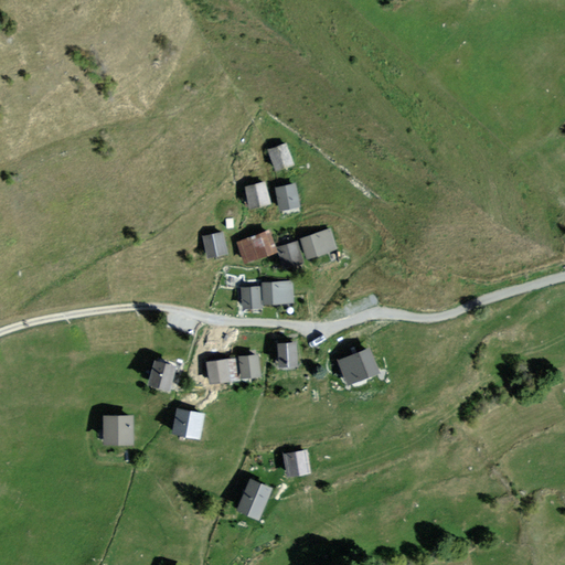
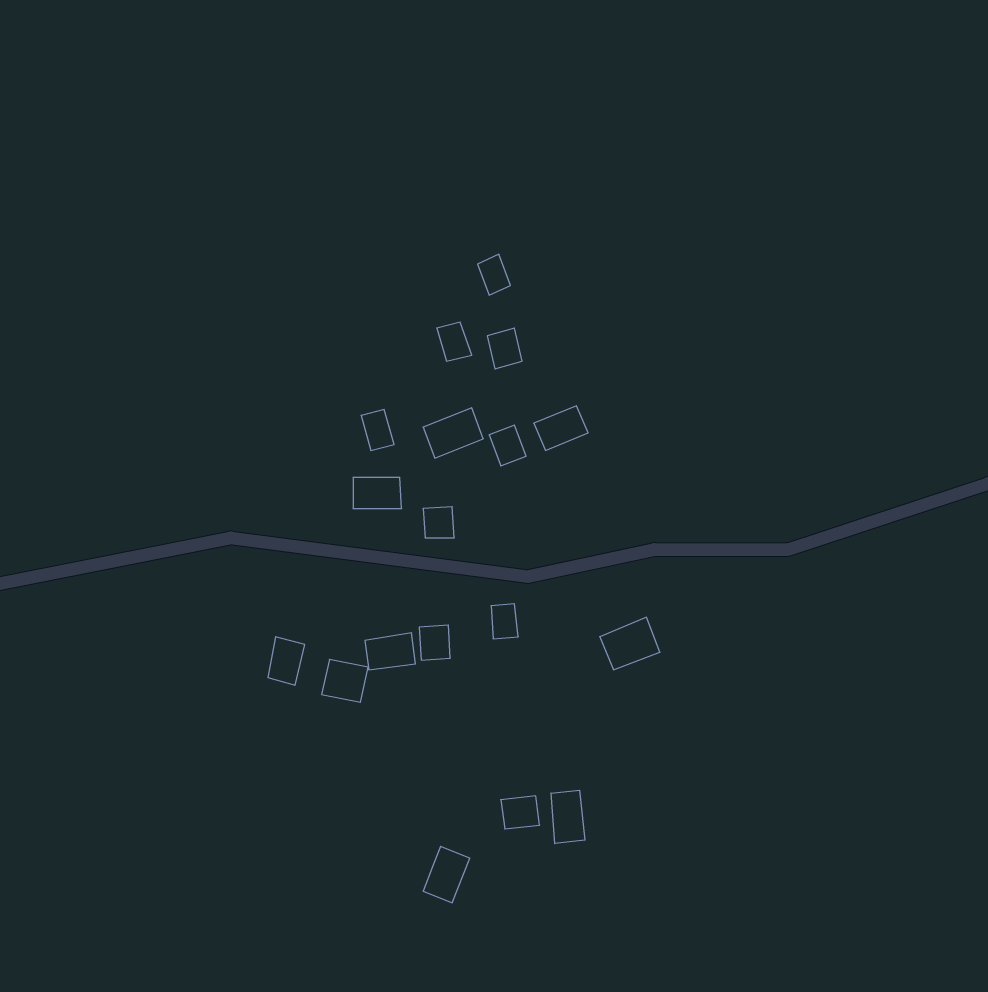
building: [262,282,289,300] -> [353,477,402,509]
building: [175,411,202,435] -> [322,659,368,702]
building: [105,415,130,440] -> none
building: none -> [551,790,585,844]

